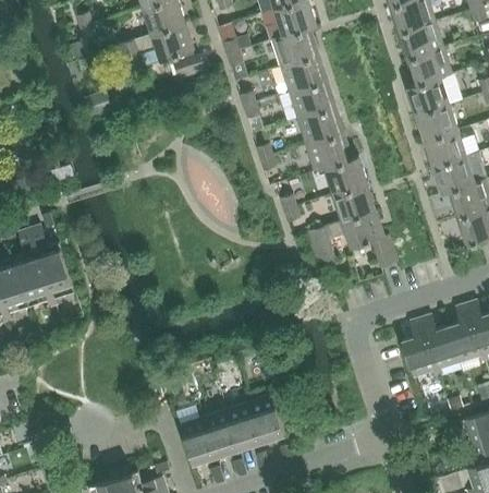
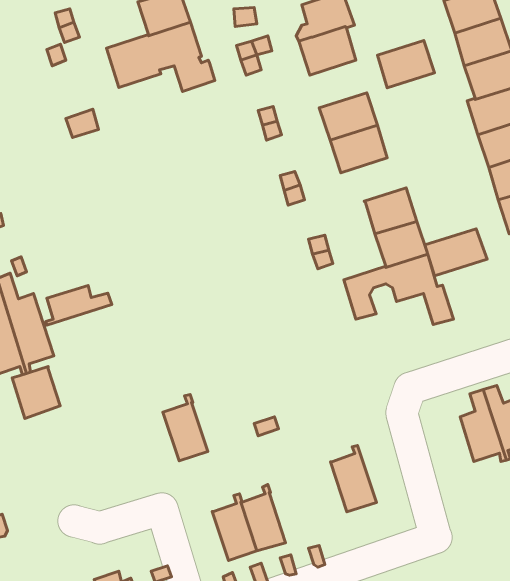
building: [281,53,327,92] -> [378,40,435,88]
building: [306,132,352,171] -> none
building: none -> [425,229,487,276]
building: none -> [46,285,112,325]
building: none -> [12,367,60,419]
building: [248,388,285,442] -> [330,446,377,512]
building: [180,410,216,464] -> [163,394,208,461]

